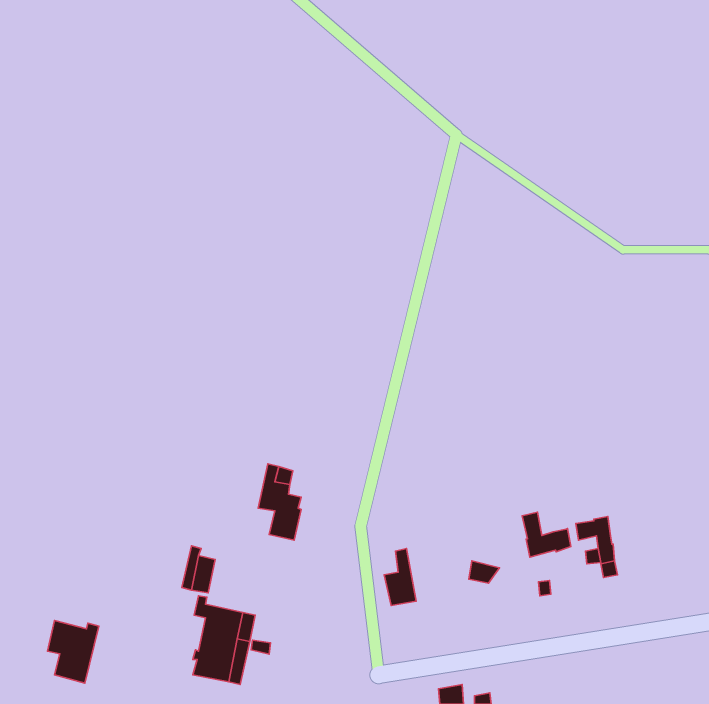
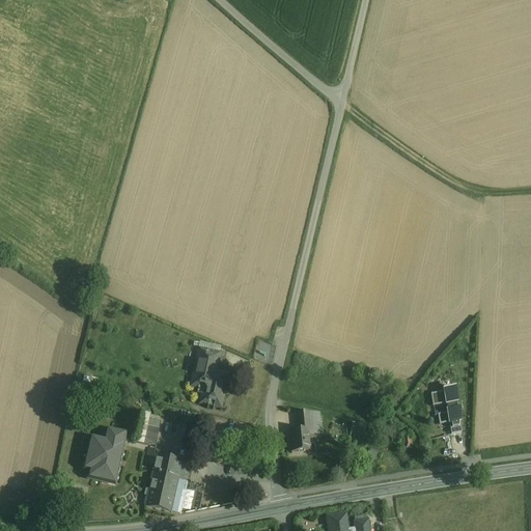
building: [522,512,571,557] -> none
building: none -> [304,408,323,437]
building: [47,621,99,683] -> [86,435,124,481]

